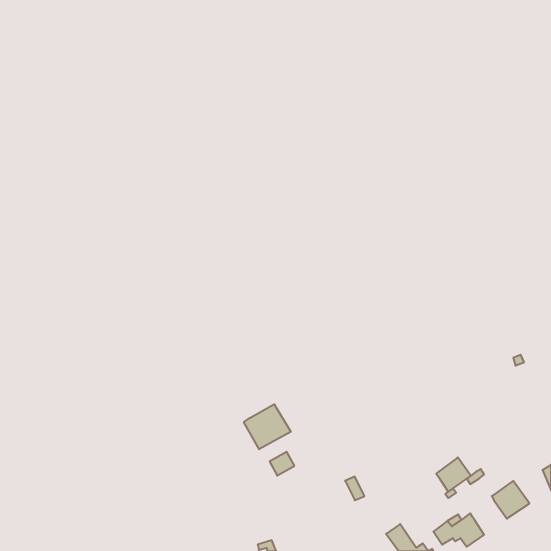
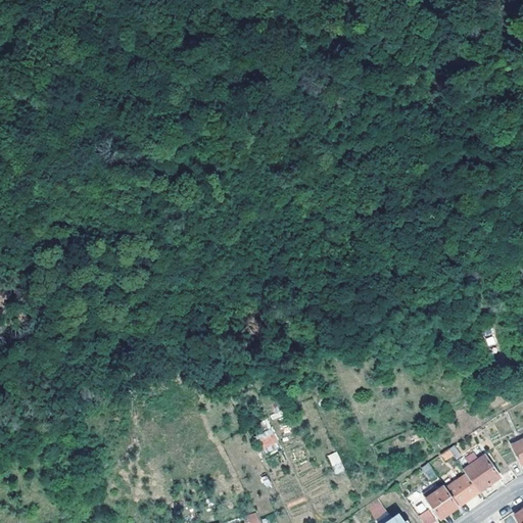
building: [244,404,291,449] -> none
building: [436,457,471,492] -> [447,474,480,507]

